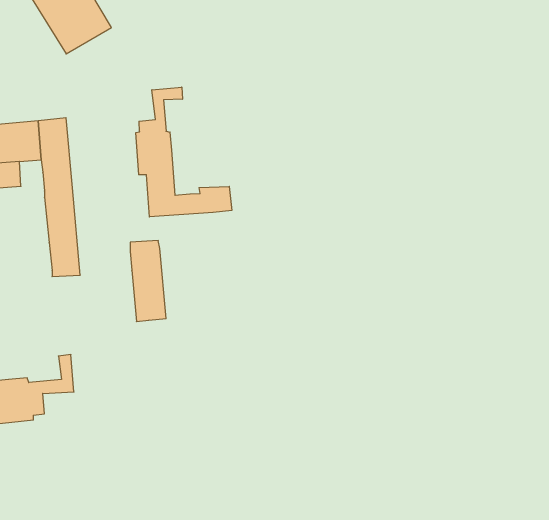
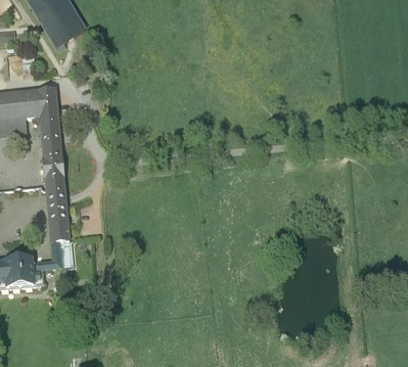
building: [136,87,232,217] -> none
building: [130,241,166,322] -> [46,190,70,243]

